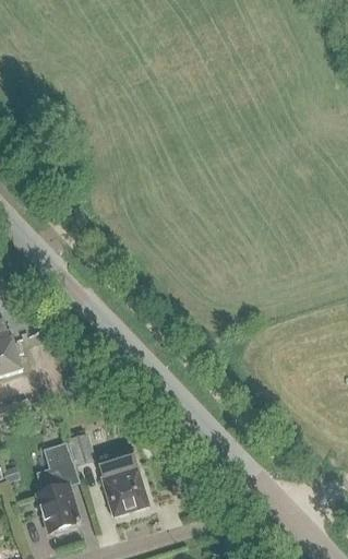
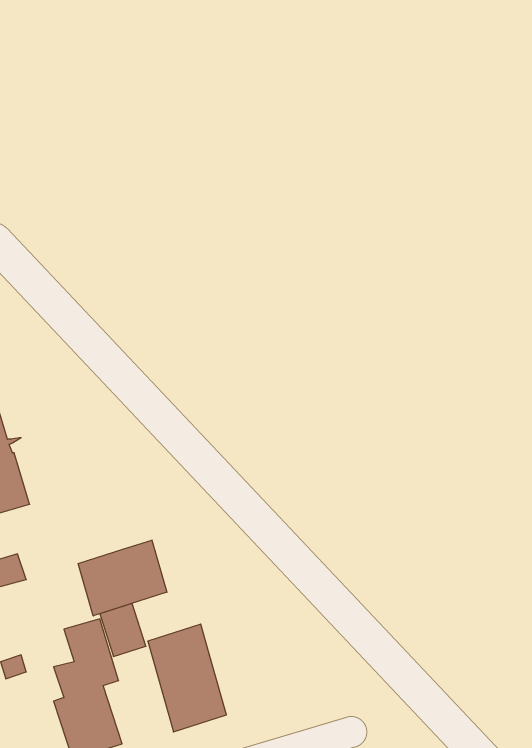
building: none -> [78,540,167,616]

